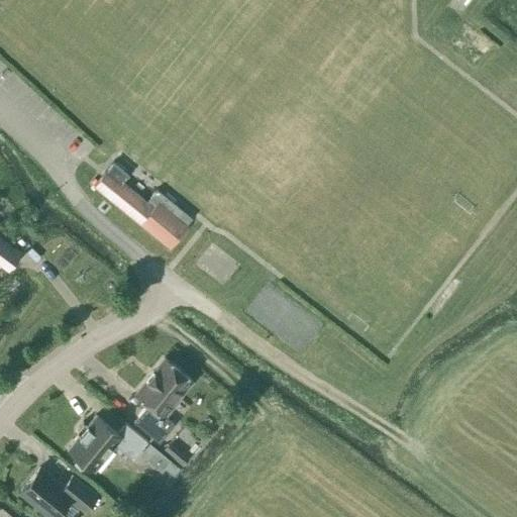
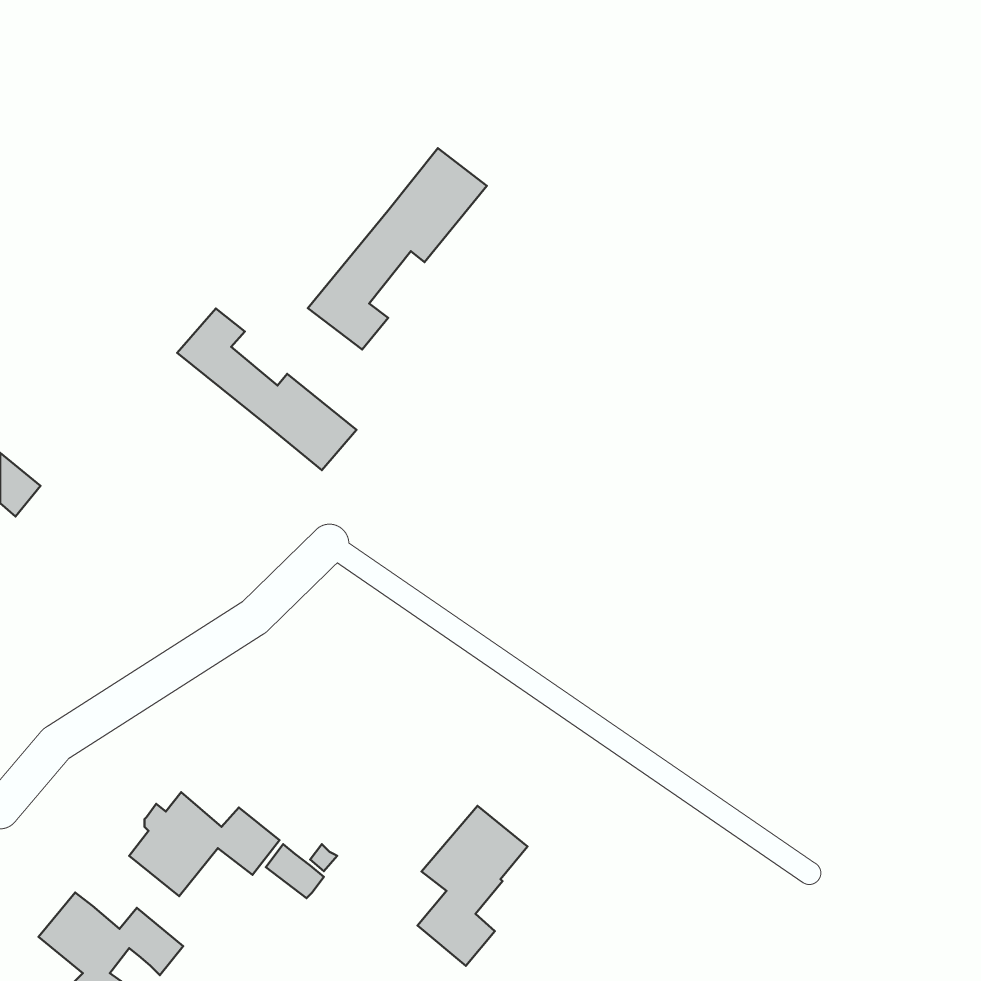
building: none -> [308,148,487,349]
building: [135,360,193,444] -> [418,806,527,966]

